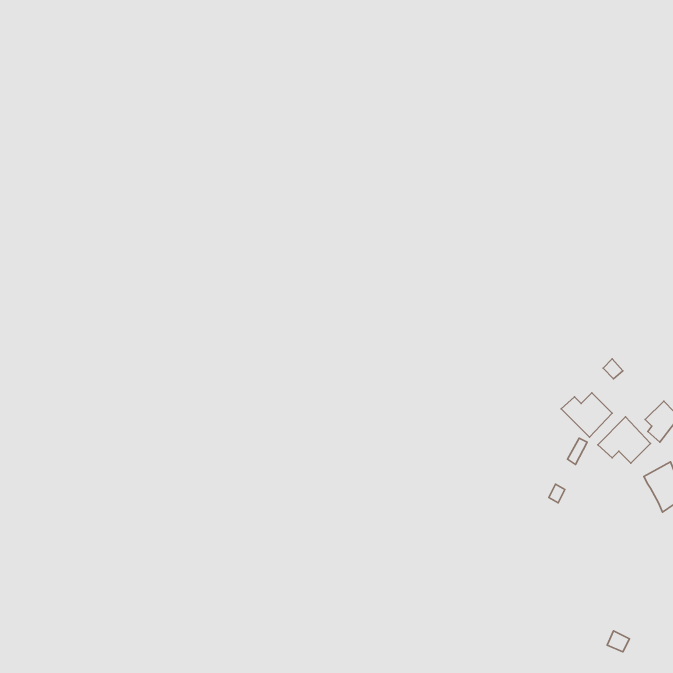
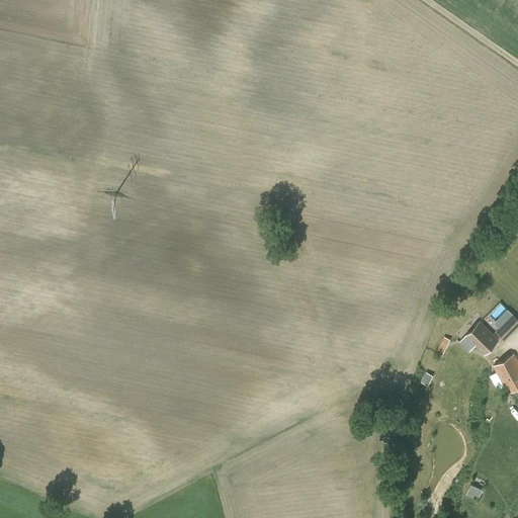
building: [561,393,612,437] -> none

